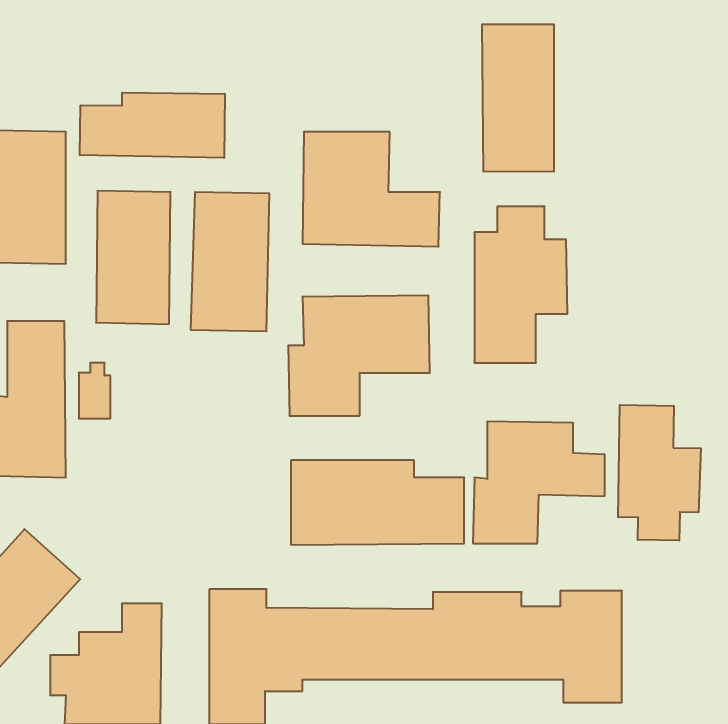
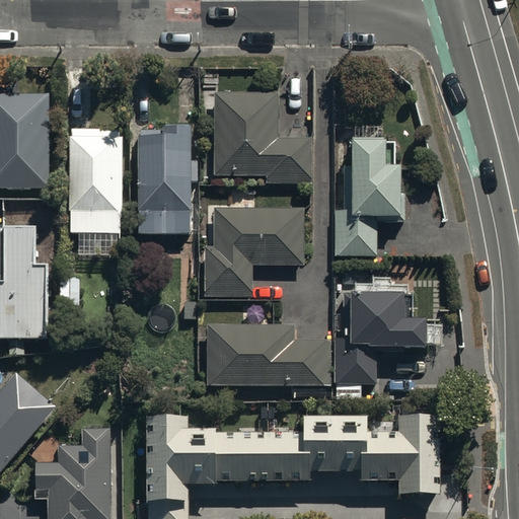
building: [482,24,554,172] -> none
building: [80,93,225,158] -> none
building: [618,405,701,541] -> none

